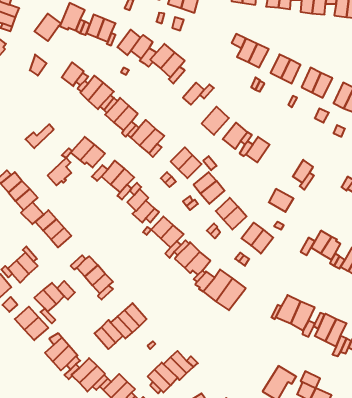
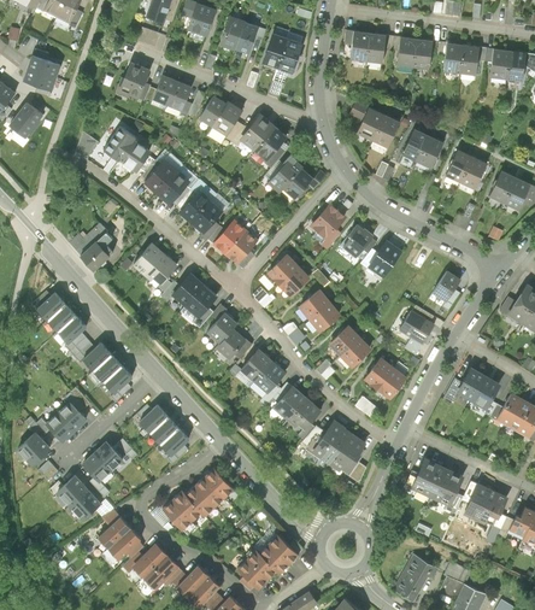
building: [34,14,61,41] -> [100,123,136,160]
building: none -> [266,153,302,193]
building: [48,158,71,185] -> [81,233,113,270]

